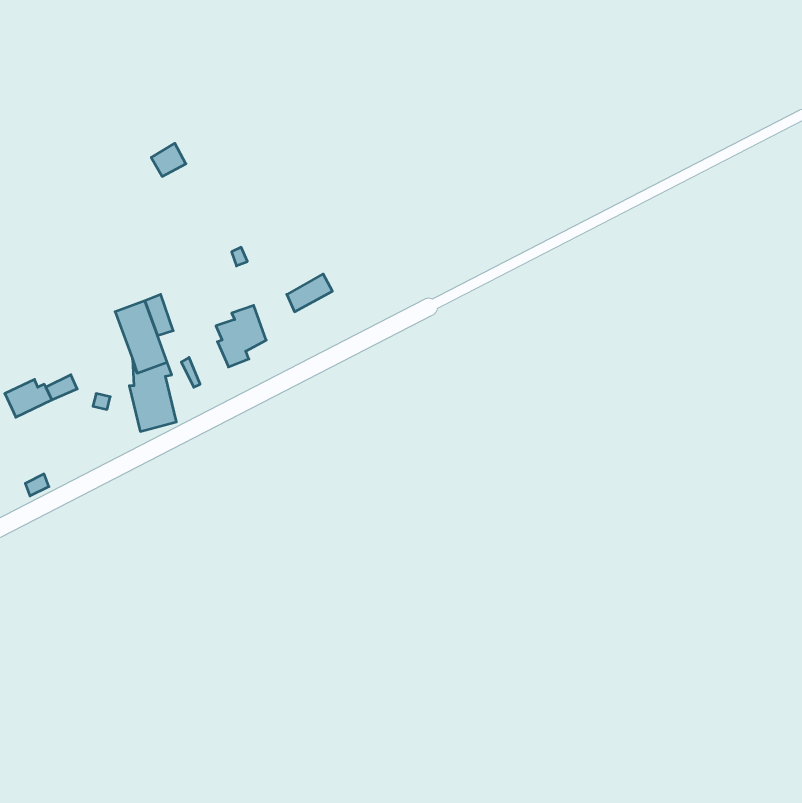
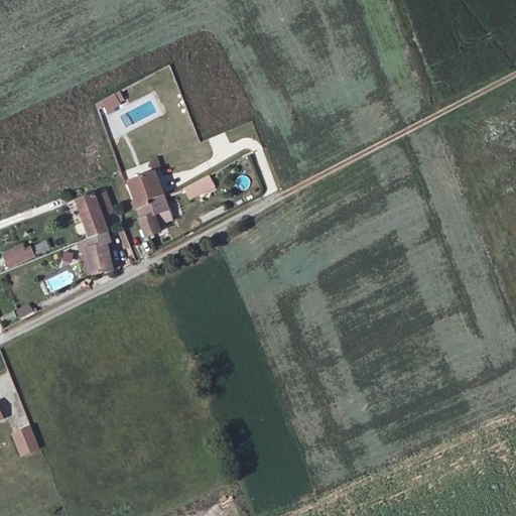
building: none -> [128,171,162,209]
building: none -> [11,426,38,456]

